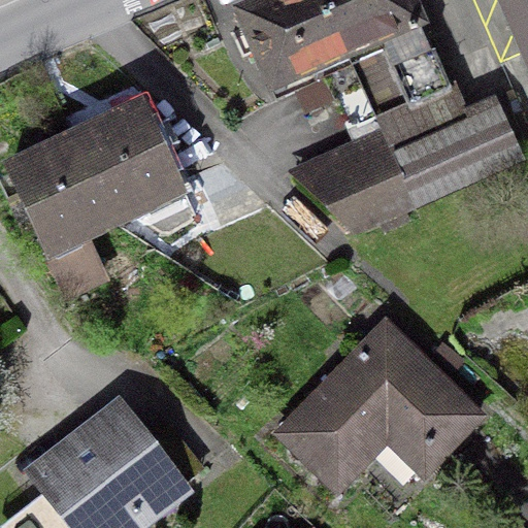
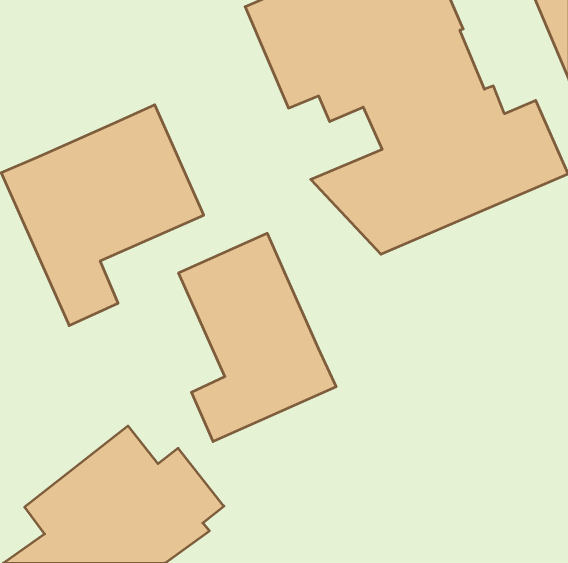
building: none -> [179,233,336,442]
building: [272,316,490,495] -> none

